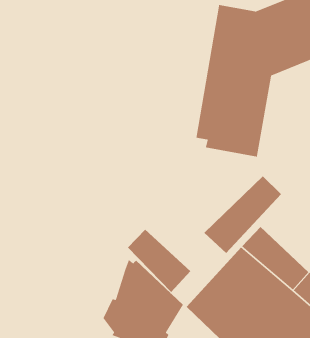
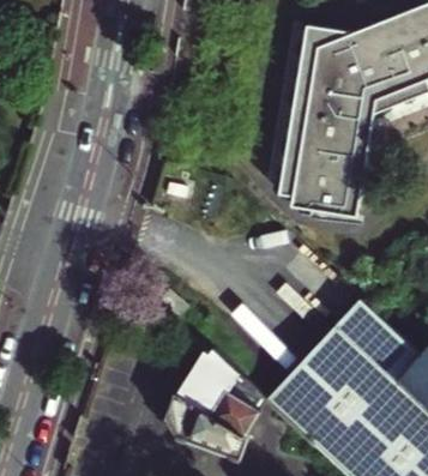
building: [204,175,282,254] -> none
building: [127,229,191,293] -> none

